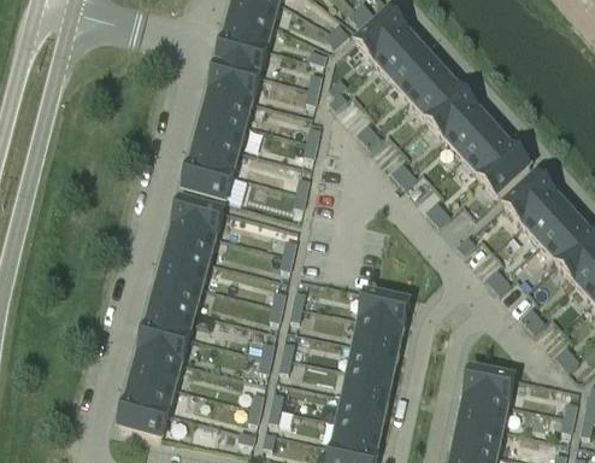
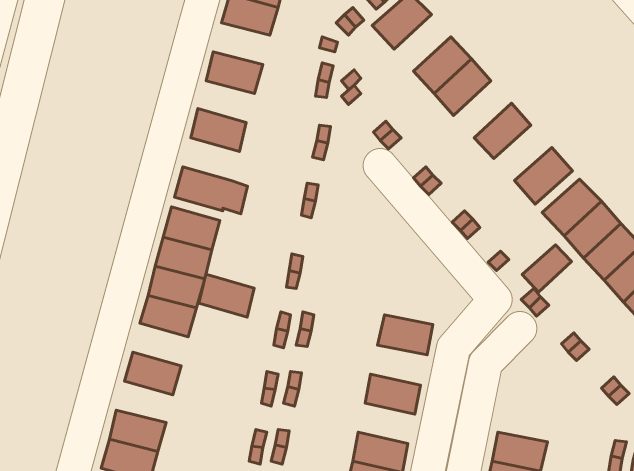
building: [375,29,424,78] -> none
building: [217,36,266,72] -> none
building: [204,87,253,123] -> none
building: [426,87,477,136] -> none
building: [461,125,512,174] -> none
building: [190,136,240,174] -> none
building: none -> [522,245,571,292]
building: [147,298,195,335] -> [199,274,254,317]
building: [354,317,403,352] -> none
building: [132,348,182,385] -> none
building: [465,367,514,402] -> none
building: [343,368,393,403] -> none

